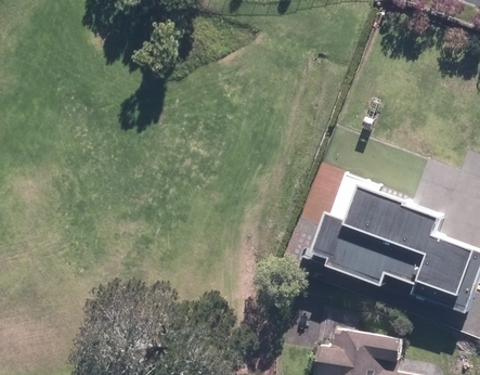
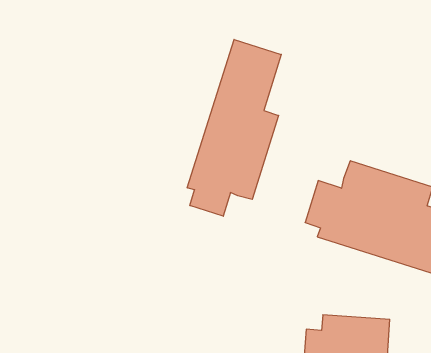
building: none -> [187,39,281,216]

